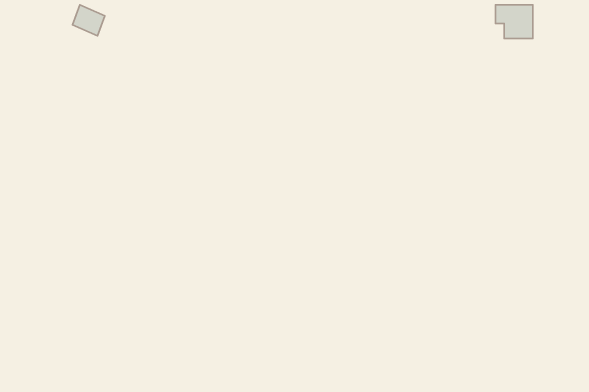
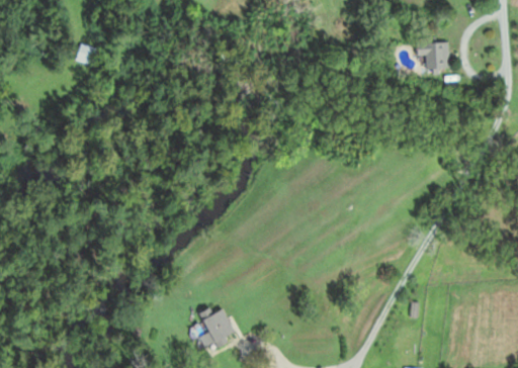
building: none -> [201,307,237,346]

